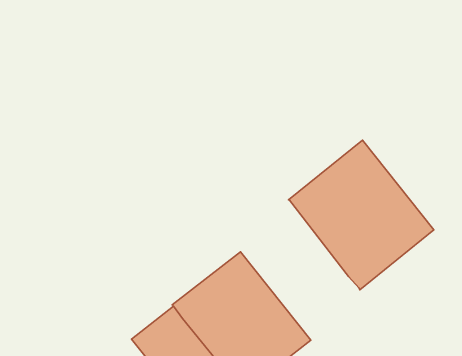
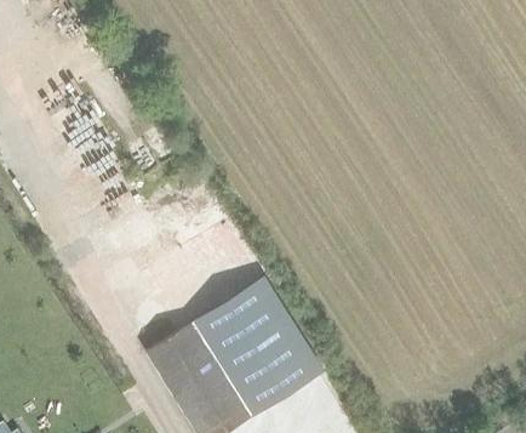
building: [288,140,434,290] -> none

